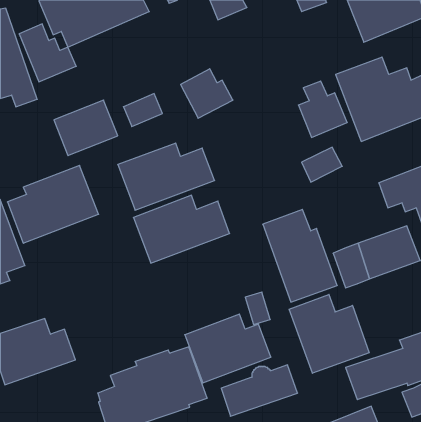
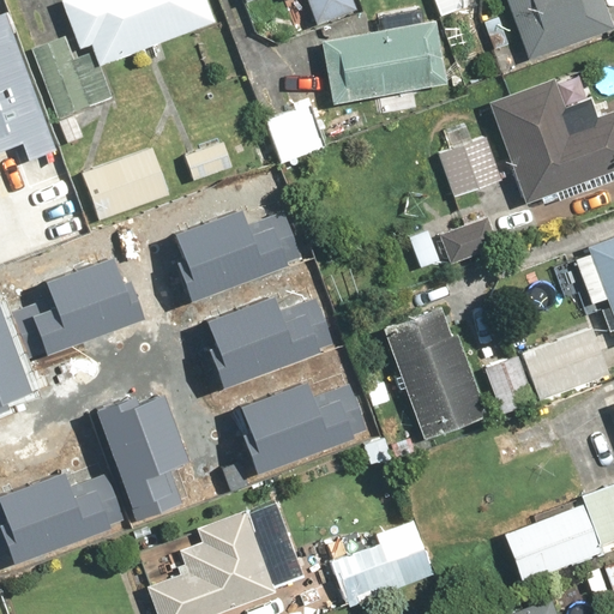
building: none -> [321,20,445,103]
building: none -> [89,379,188,505]
building: [289,294,369,373] -> none
building: [185,314,271,383] -> [228,369,353,469]

